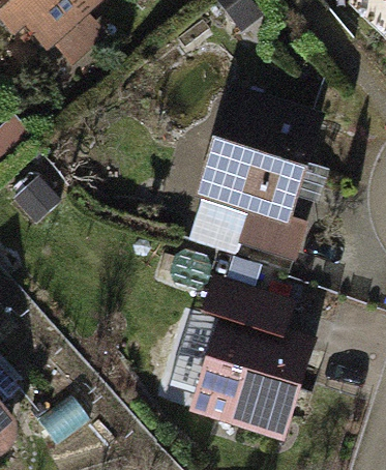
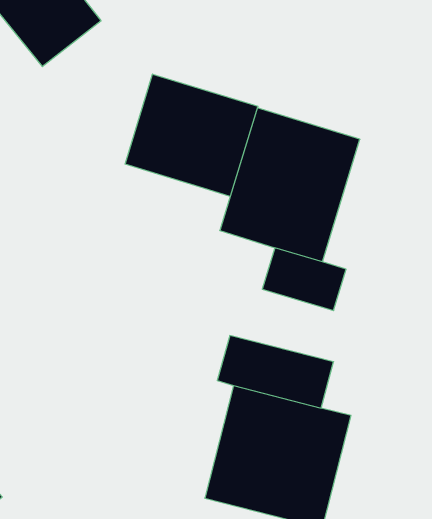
building: none -> [125,74,258,196]

